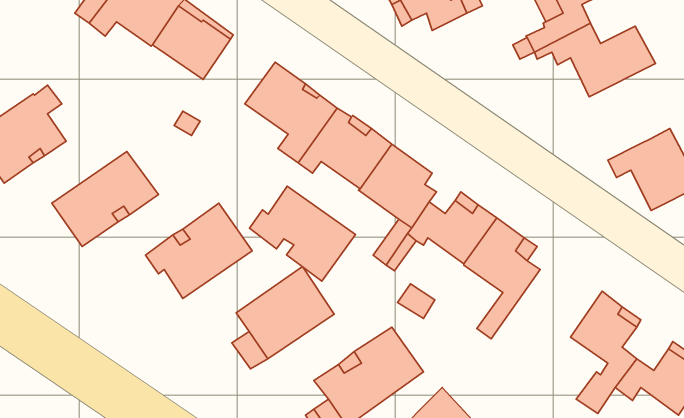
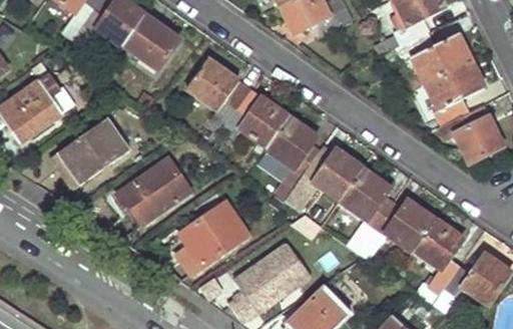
building: none -> [426,59,485,129]
building: [249,186,356,281] -> none
building: none -> [358,199,435,258]

